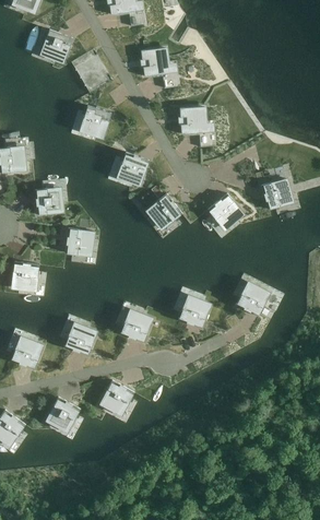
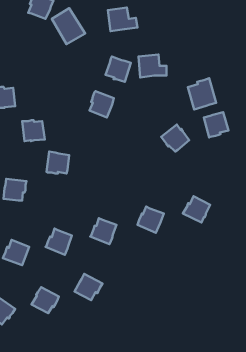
building: [79,106,110,138] -> [106,57,131,82]
building: none -> [188,78,216,110]
building: [145,194,181,228] -> none

